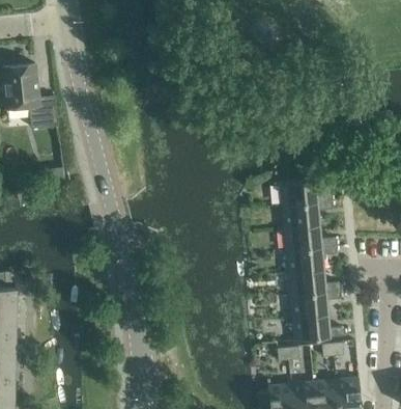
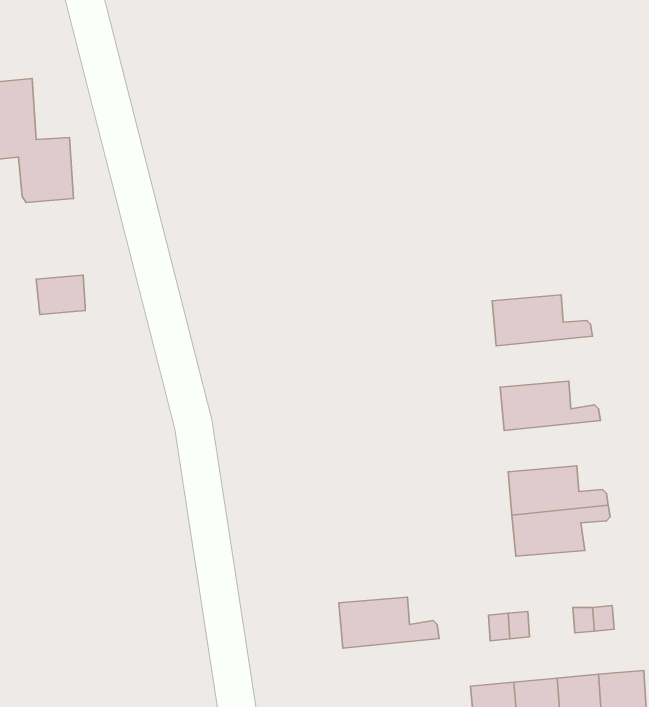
building: [282,201,334,228] -> none
building: [286,246,338,273] -> none
building: [292,315,345,342] -> [339,597,439,648]

